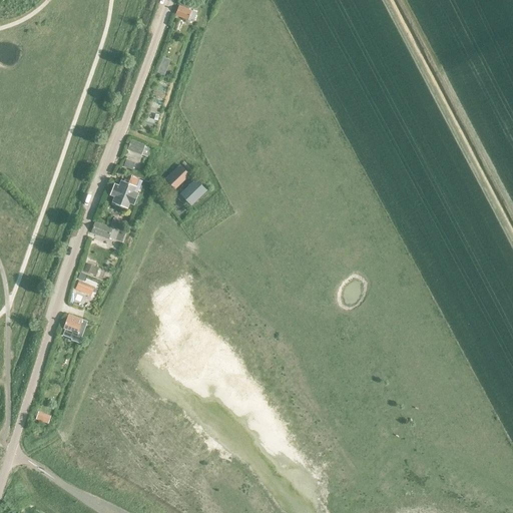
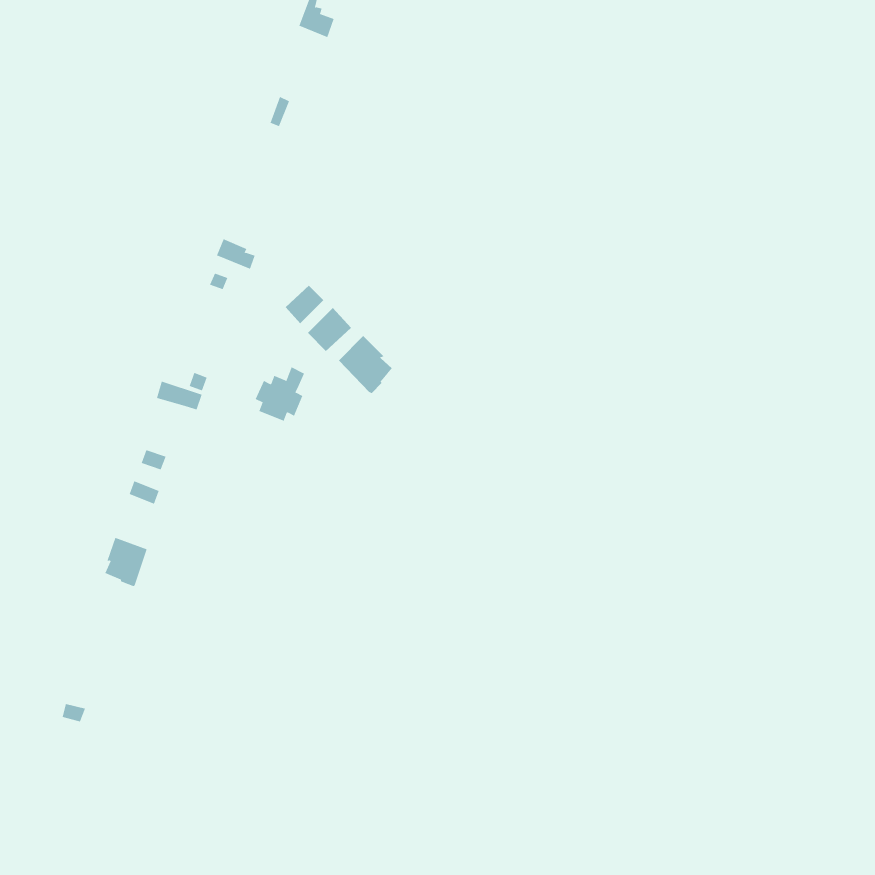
building: [110,175,139,207] -> [255,367,305,421]
building: none -> [338,335,393,394]

